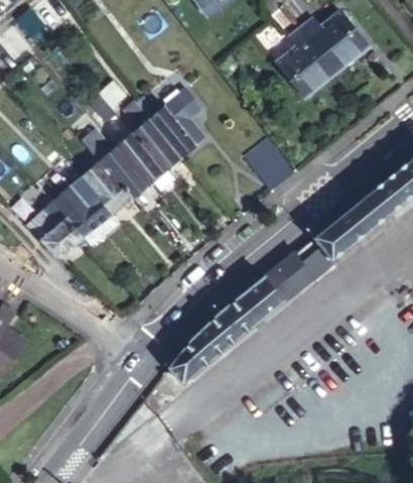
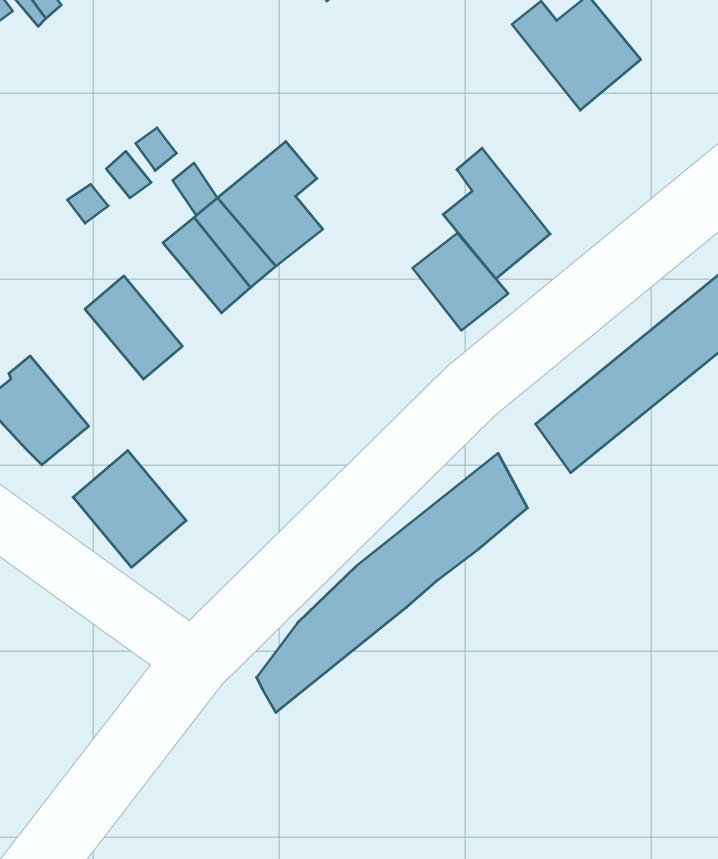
building: [281,30,336,98] -> [443,148,550,279]
building: [101,143,151,197] -> none
building: [52,177,111,238] -> [73,450,186,567]
building: [294,237,332,281] -> none

